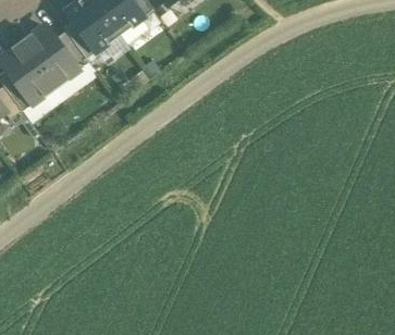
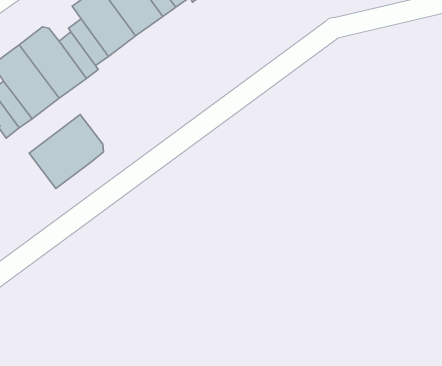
building: none -> [29,115,104,189]

